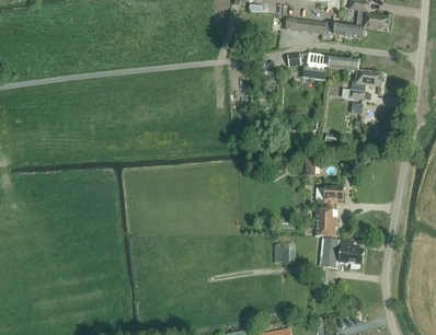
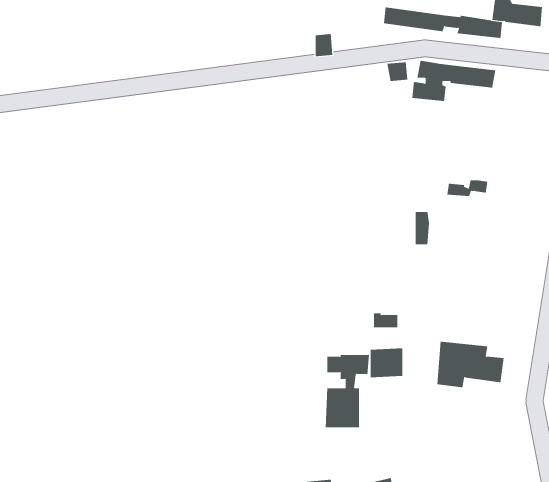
building: [348,69,382,99] -> none
building: [313,186,343,234] -> [325,355,370,428]

